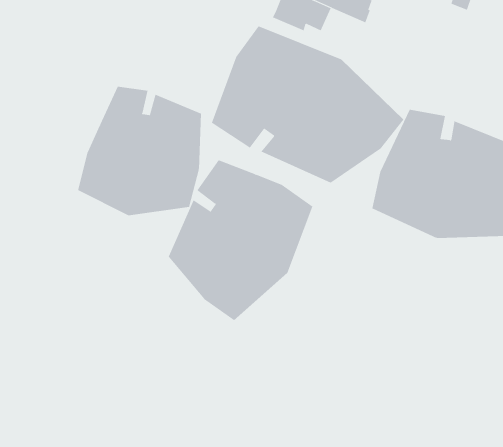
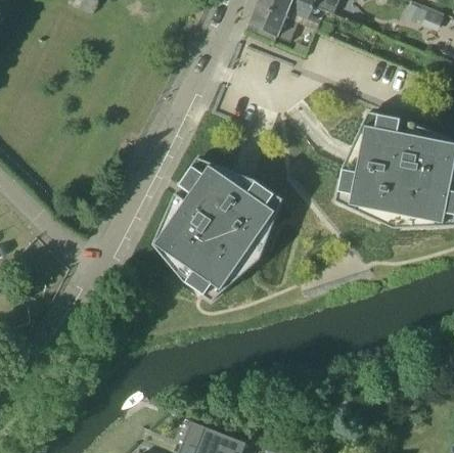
building: [211,25,404,183] -> none
building: [77,86,202,216] -> none

